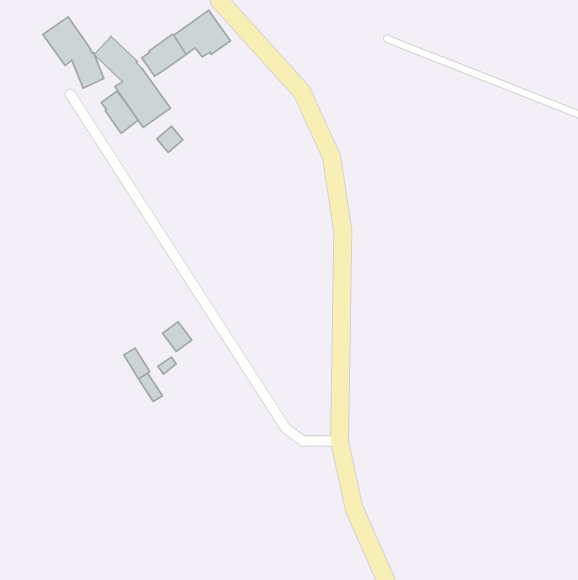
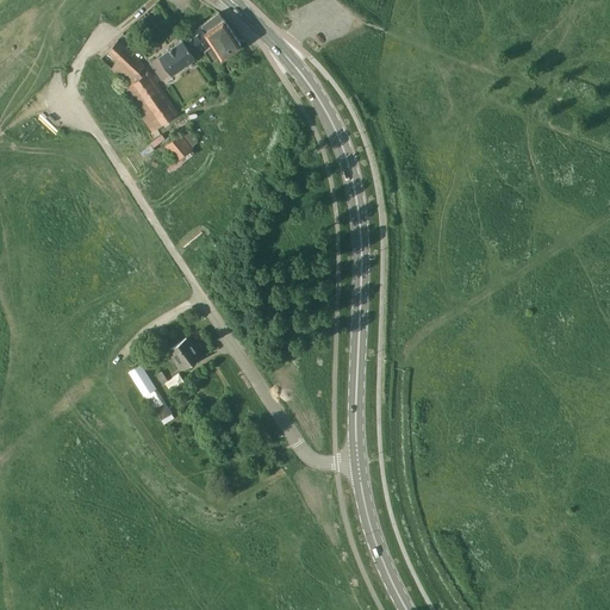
building: [43,17,104,88] -> none
building: [101,91,138,133] -> none

